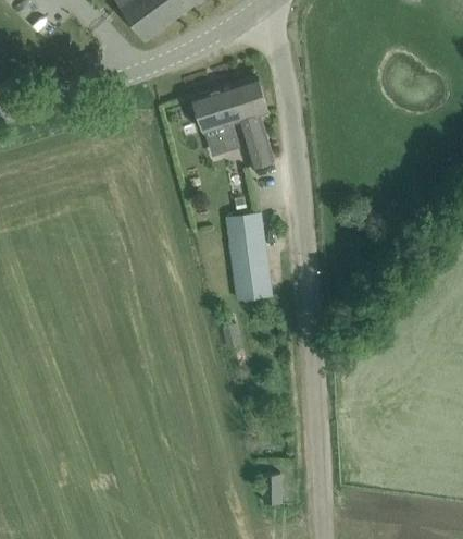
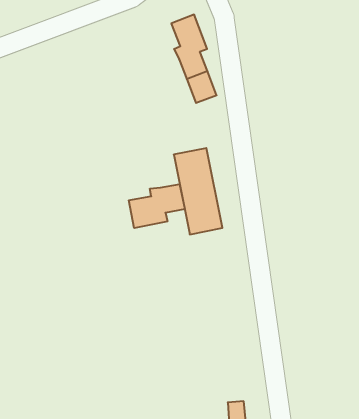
building: [195,84,240,152] -> none
building: none -> [129,184,185,228]

